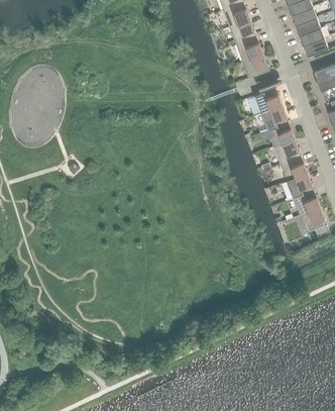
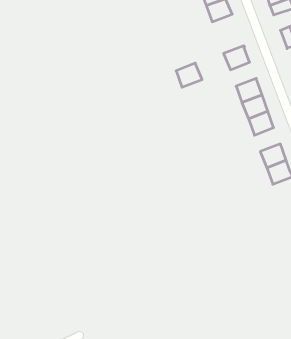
building: [242,55,269,79] -> none
building: [261,105,289,130] -> [176,63,202,87]
building: [287,174,314,199] -> none

